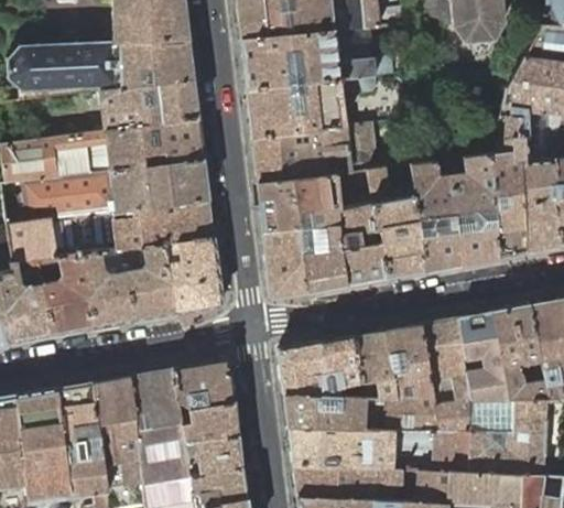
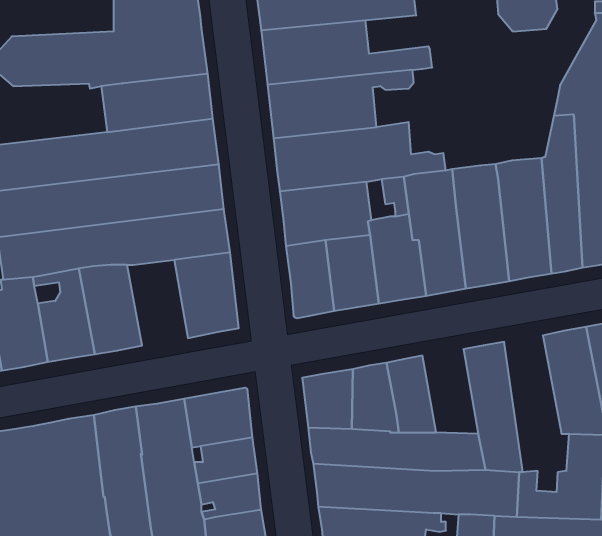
building: [123,245,177,321] -> none
building: [458,312,509,406] -> none
building: [386,324,435,399] -> none

